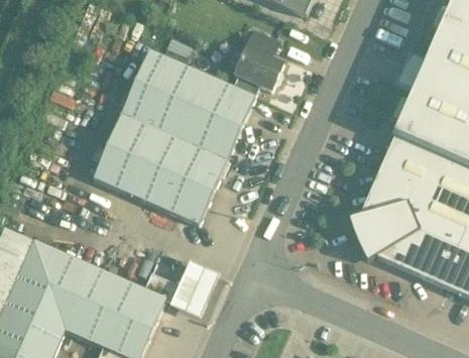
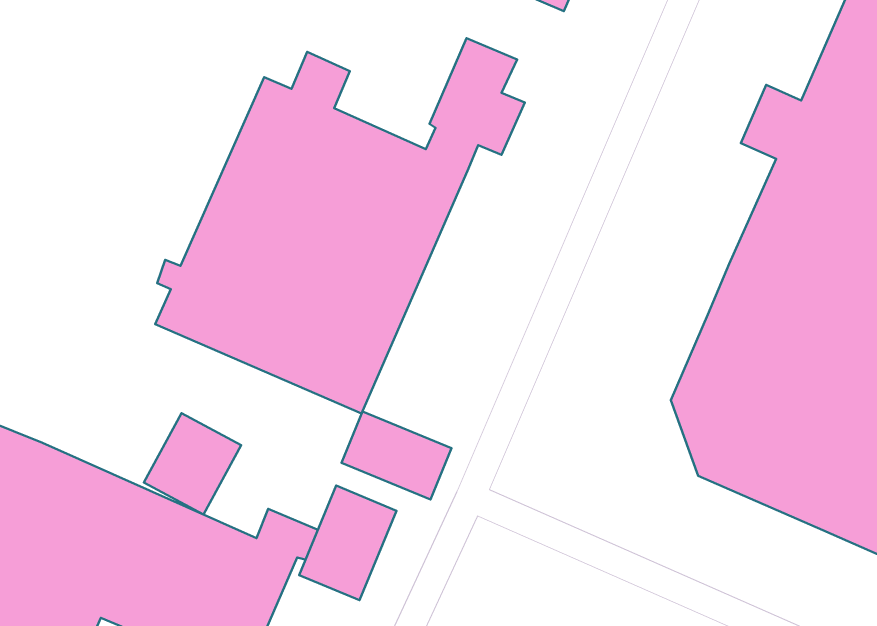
building: none -> [342,411,451,500]
building: none -> [144,413,241,515]

